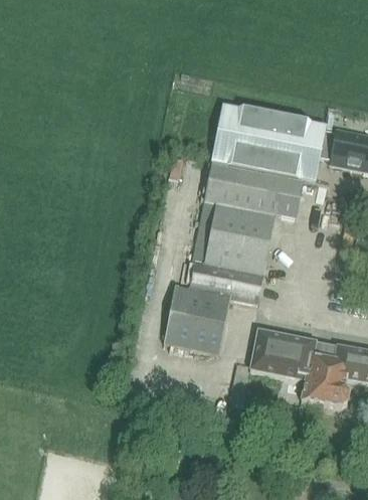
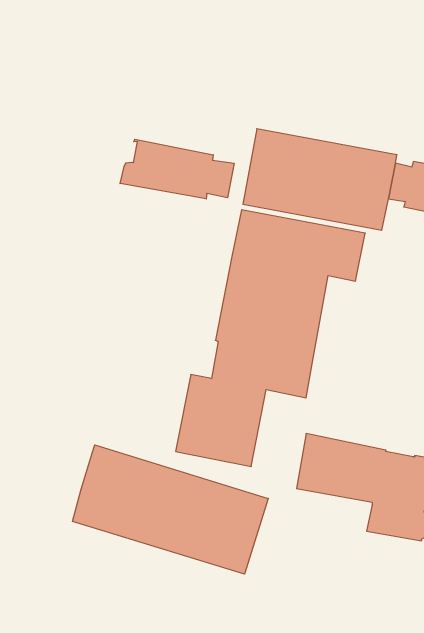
building: none -> [120,139,234,199]
building: none -> [73,445,268,574]

